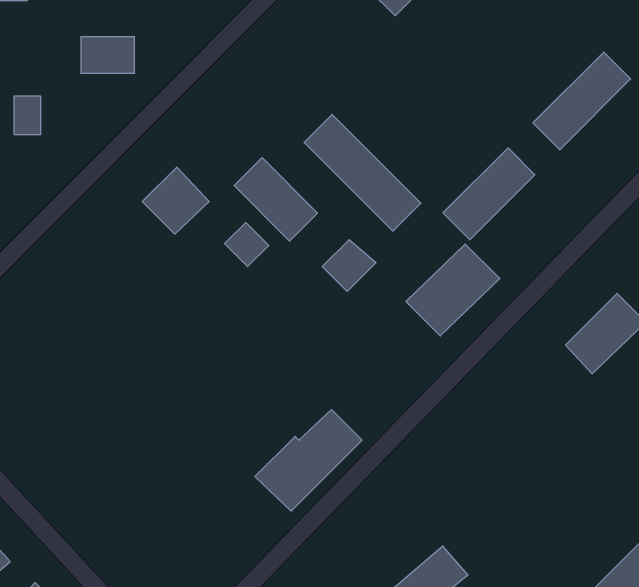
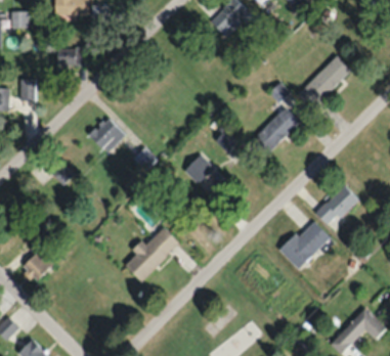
building: [304,114,421,231] -> none
building: [234,158,317,241] -> none
building: [406,244,500,336] -> [280,219,331,268]
building: [255,410,362,511] -> [123,226,180,280]
building: none -> [23,248,55,279]

